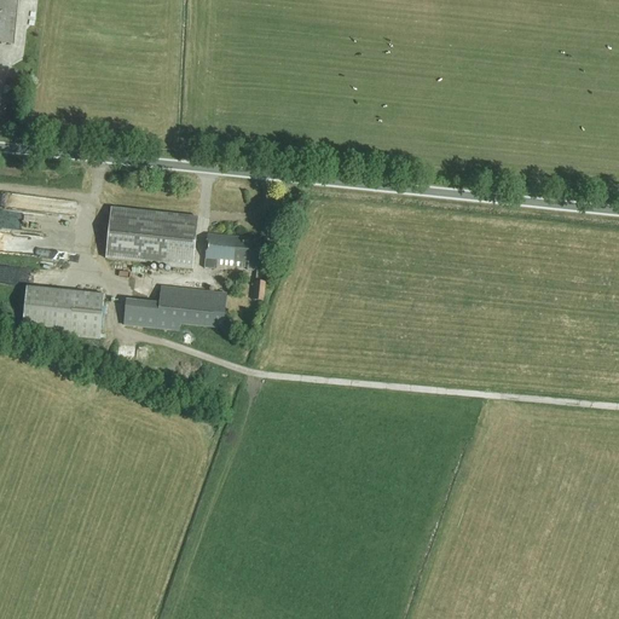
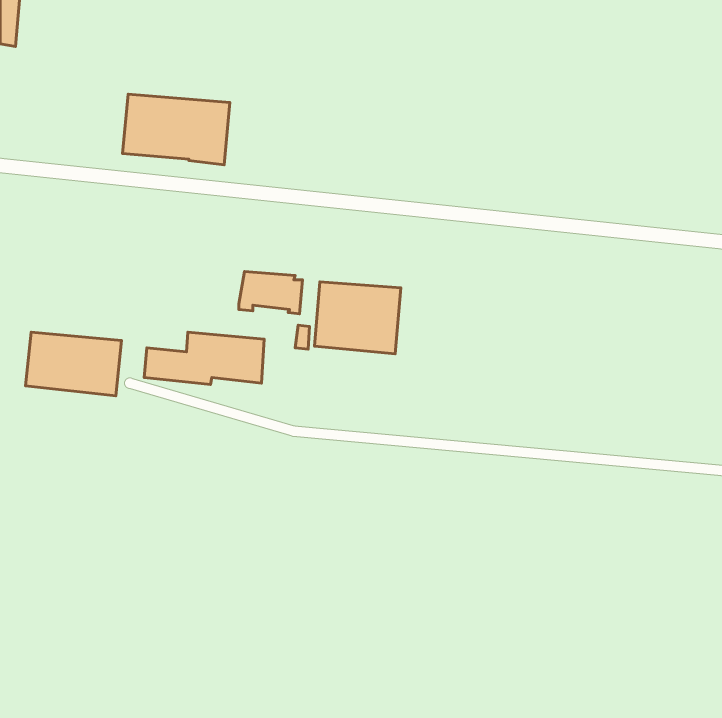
building: [105,206,197,266] -> [122,94,230,165]
building: none -> [314,282,401,354]

